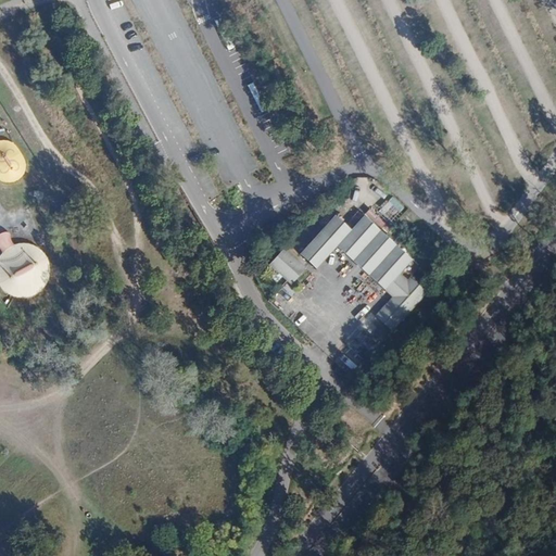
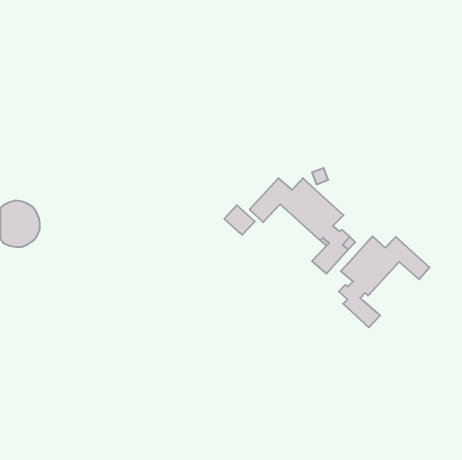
building: none -> [339,236,430,327]

